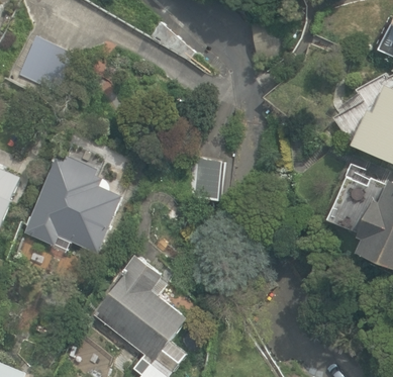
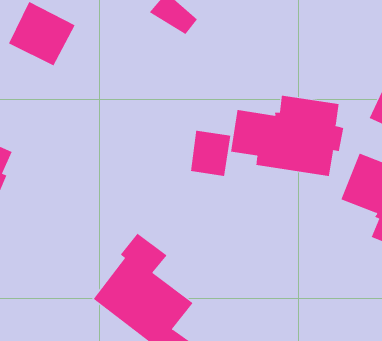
building: none -> [231,95,344,177]
building: [24,147,121,253] -> none

